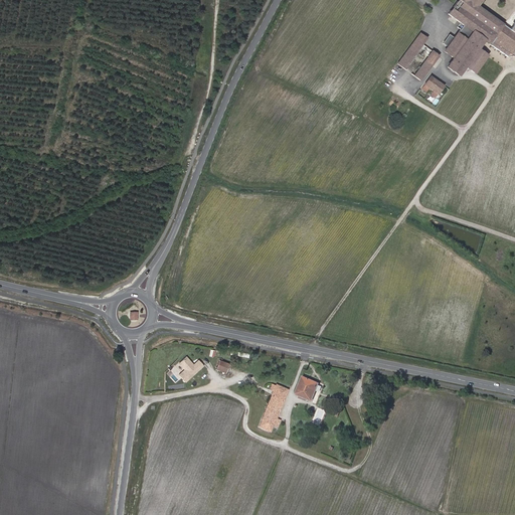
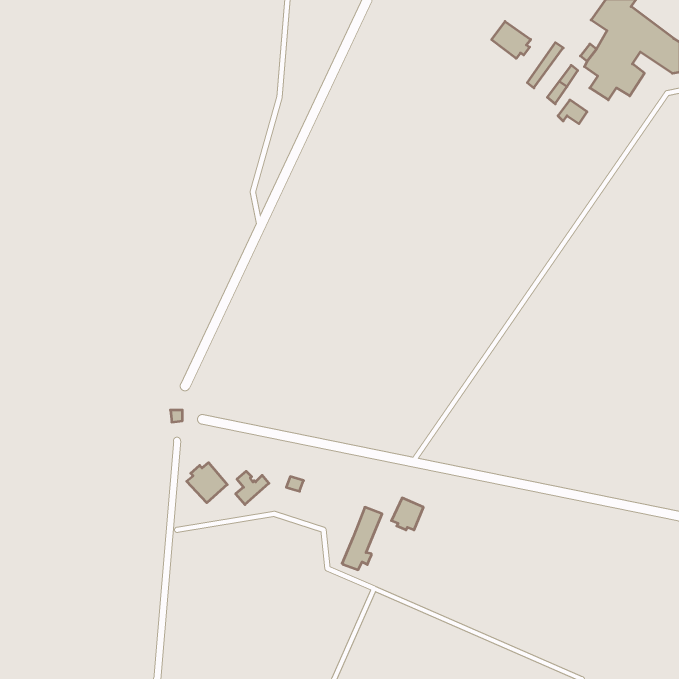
building: none -> [492,21,531,58]
building: none -> [187,463,227,503]

